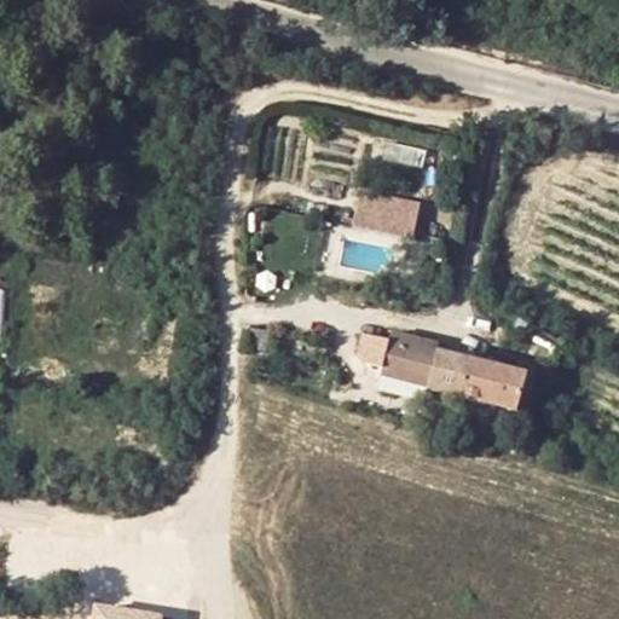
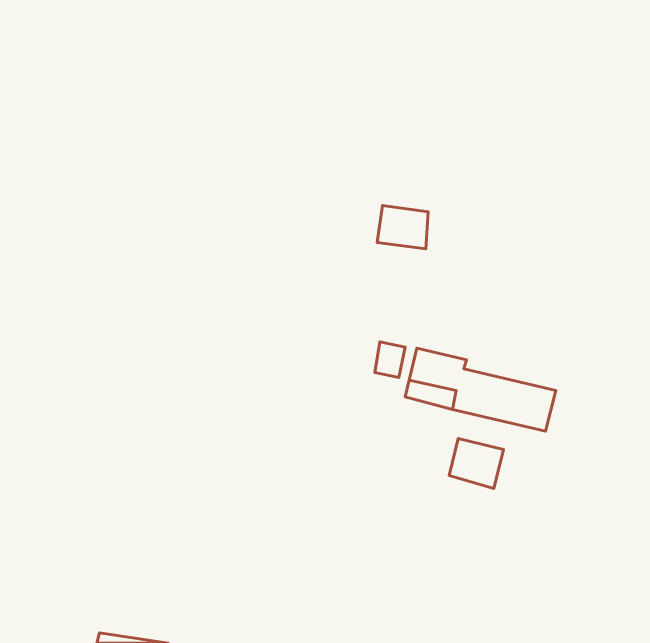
building: none -> [449,439,503,488]

